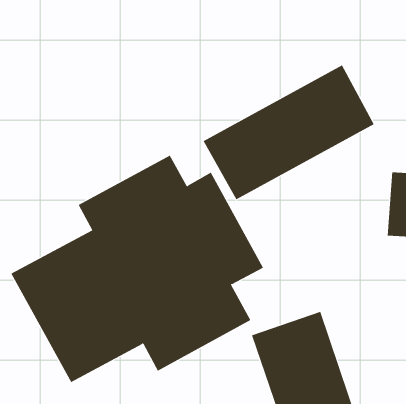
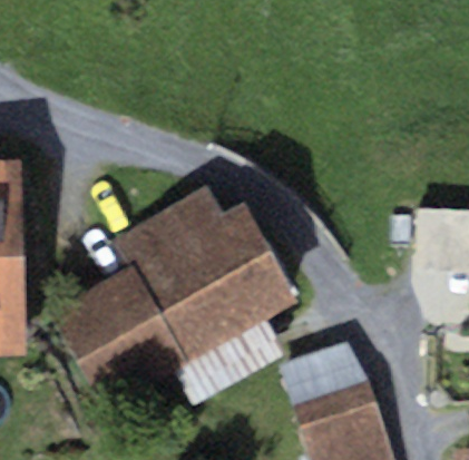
building: [203,64,375,200] -> none

